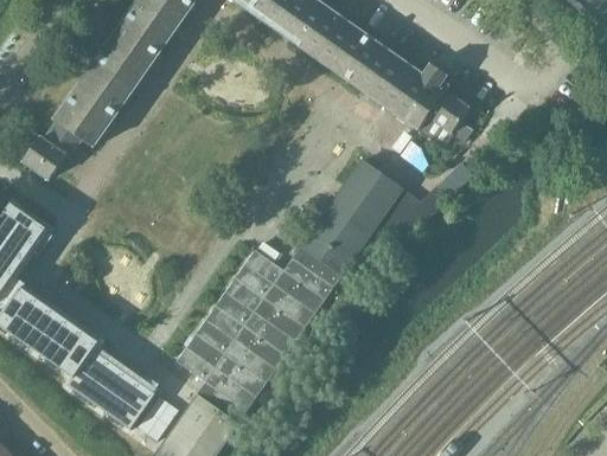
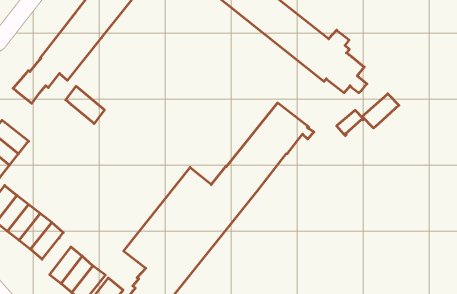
building: none -> [362,94,399,128]
building: none -> [66,86,104,124]
building: [69,348,109,396] -> none

